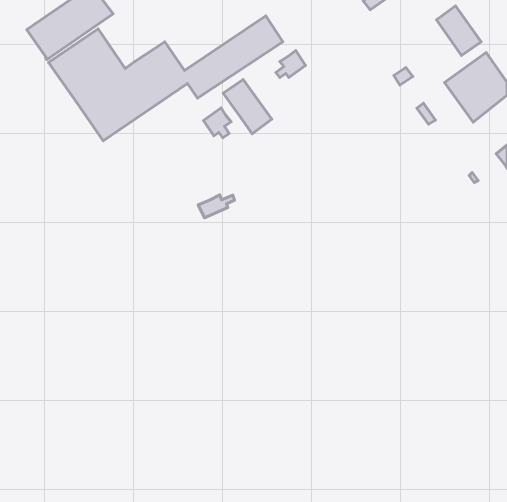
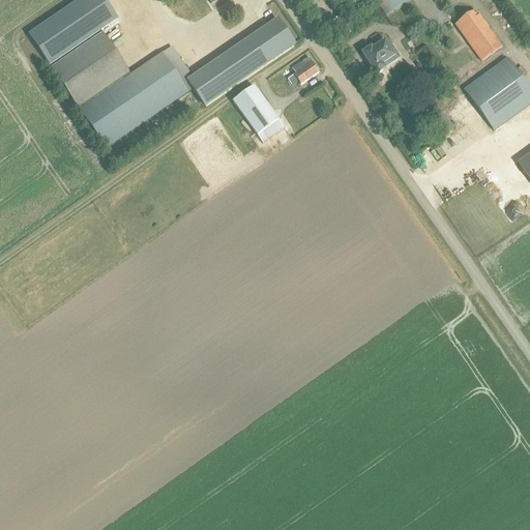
building: none -> [362,37,394,70]
building: [203,108,231,138] -> none
building: [198,195,234,218] -> none

